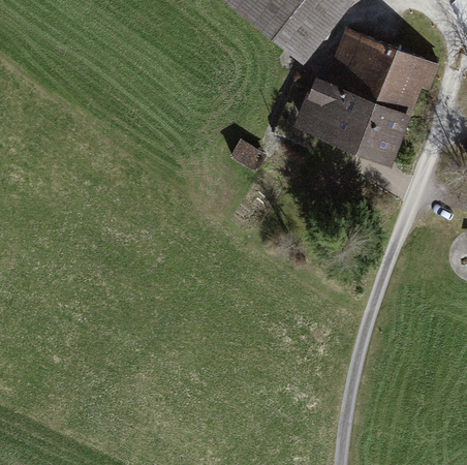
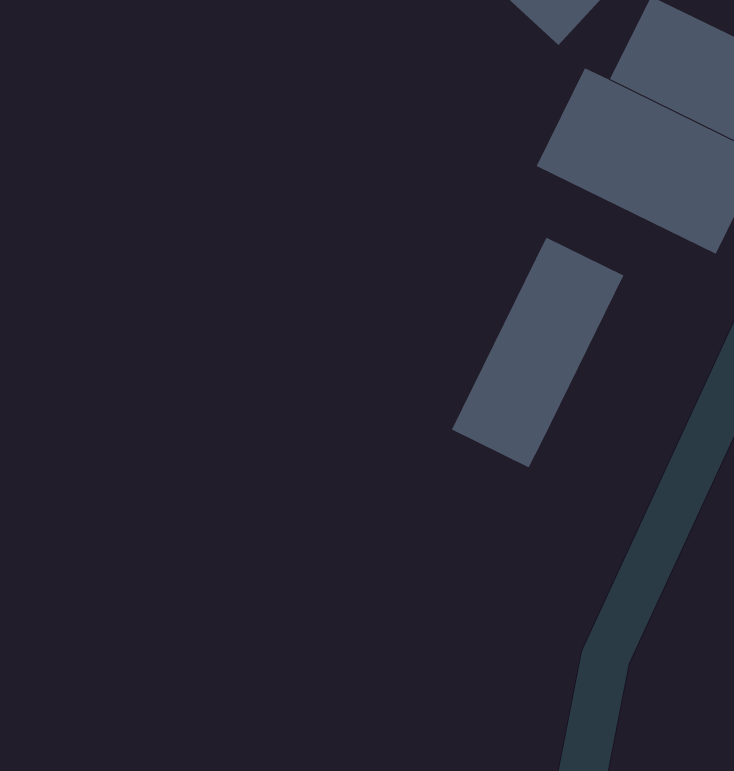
building: none -> [451,237,624,468]

